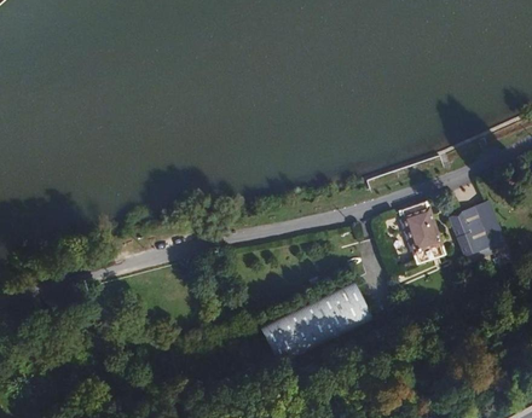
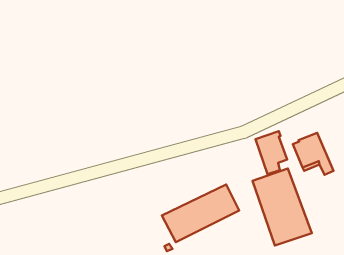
building: none -> [252,169,312,246]

